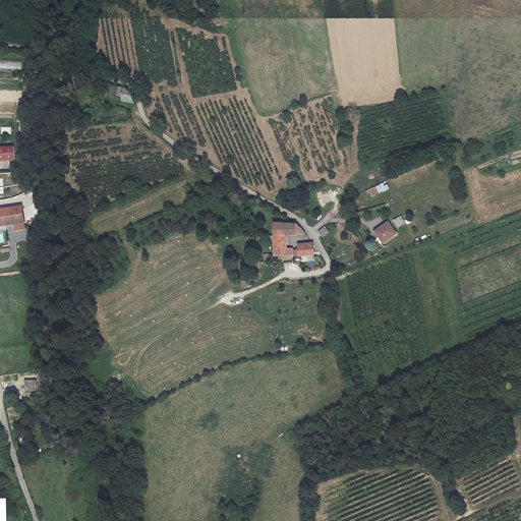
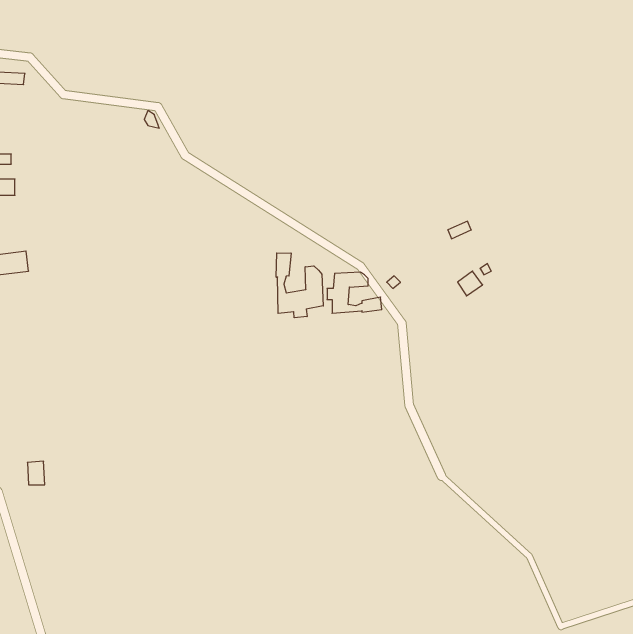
building: none -> [276,253,323,318]

